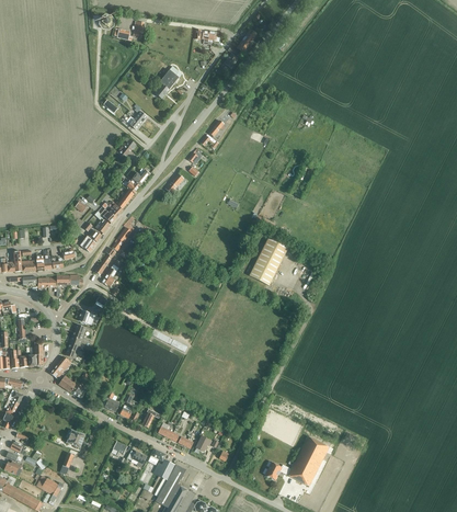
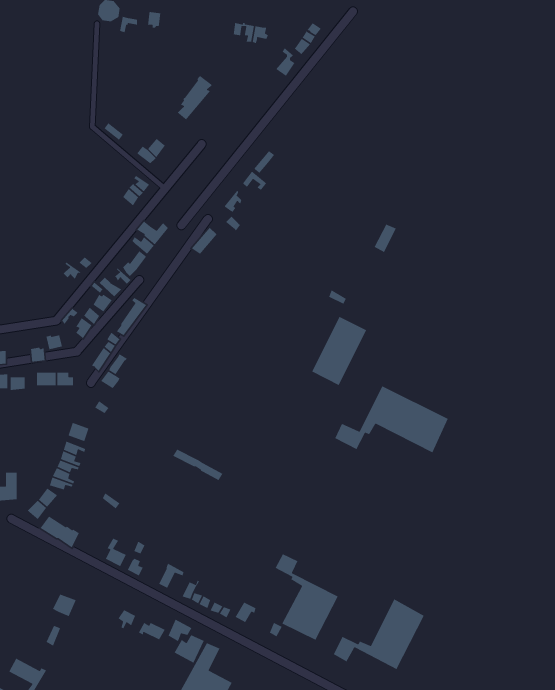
building: none -> [334,385,449,453]
building: none -> [275,553,339,641]

